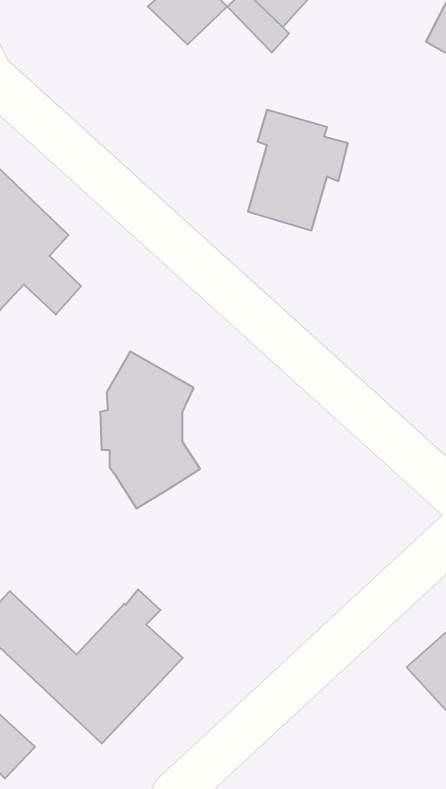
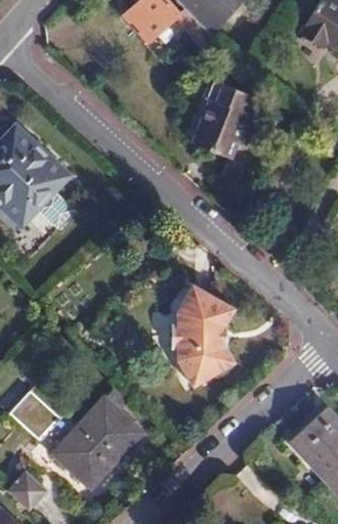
building: [100,351,200,509] -> [169,287,234,388]

